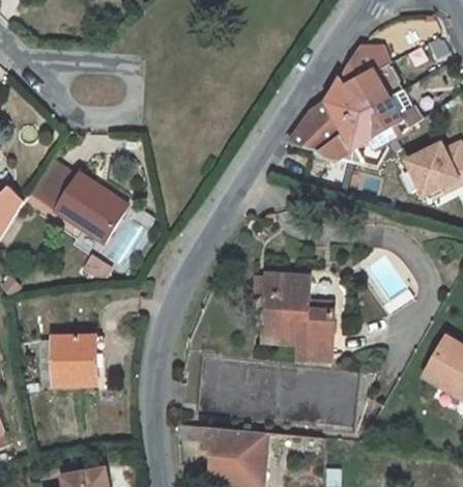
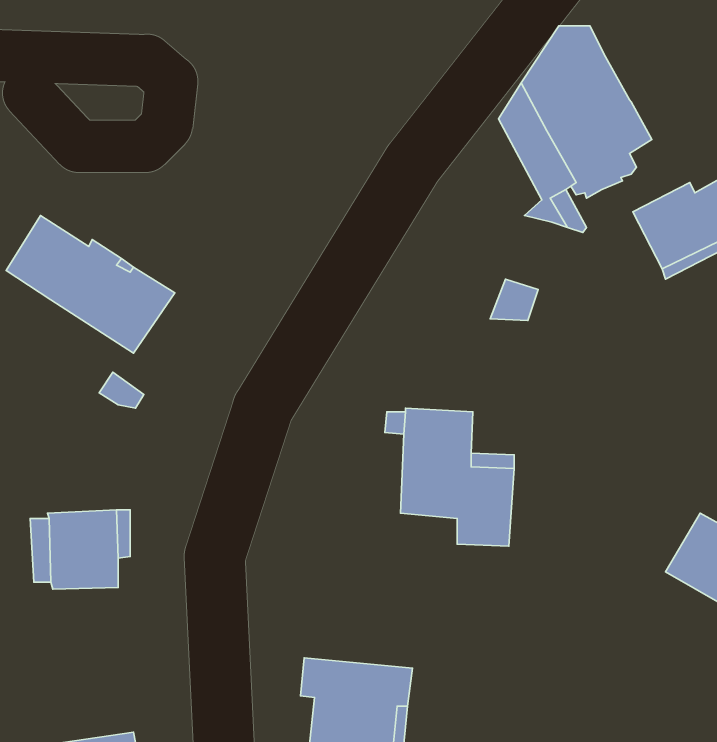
building: [287,102,350,160] -> none

